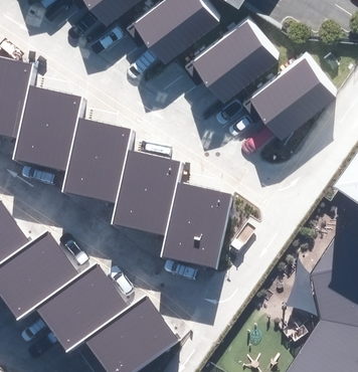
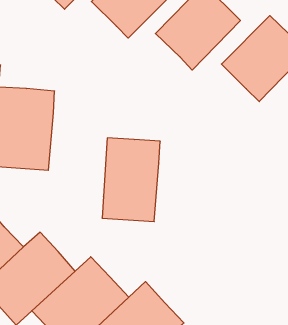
building: [67,120,138,207] -> none
building: [164,182,233,269] -> none

